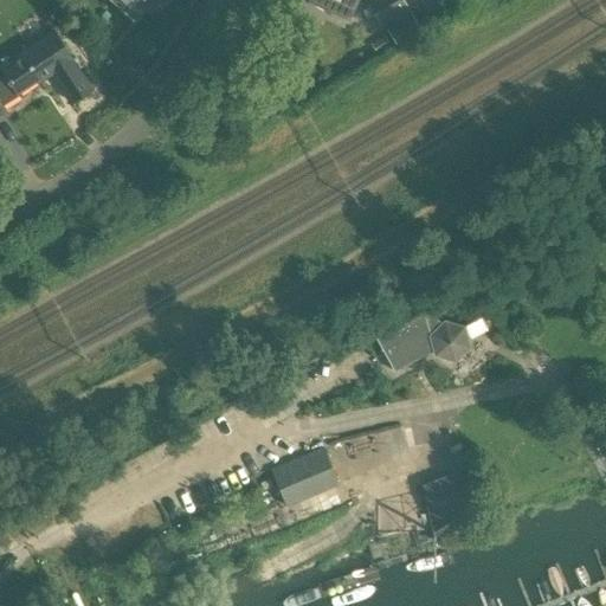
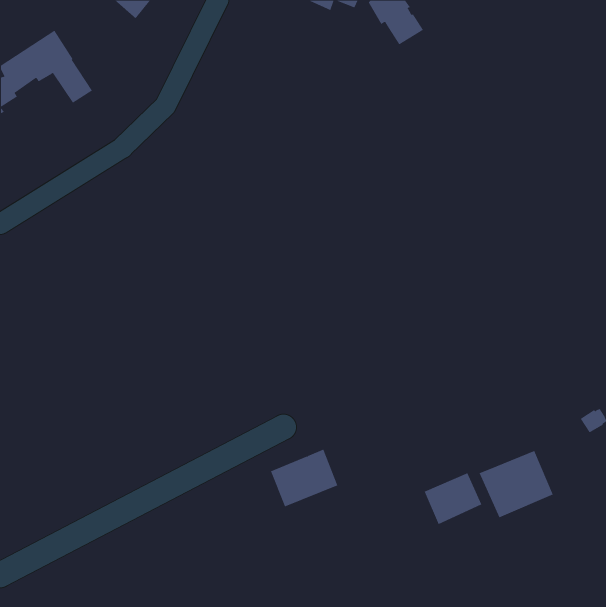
building: [378,309,483,373] -> none
building: none -> [479,450,554,518]

